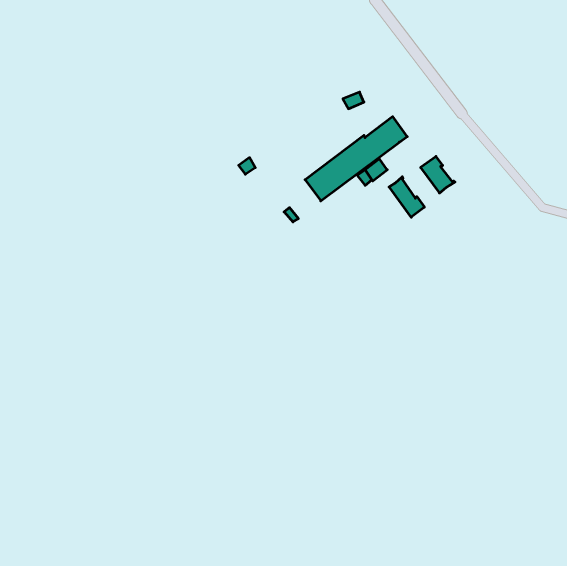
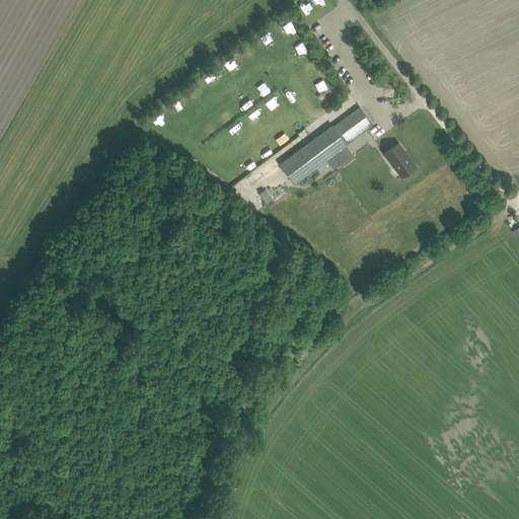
building: [389,177,424,217] -> none

